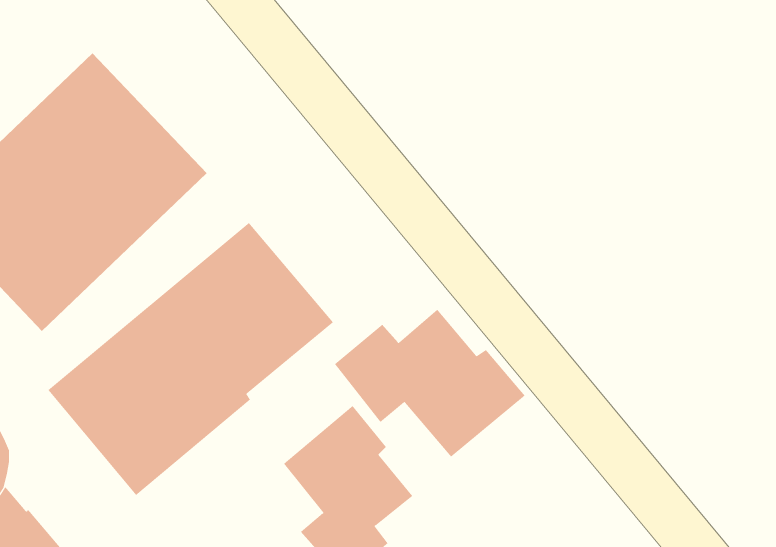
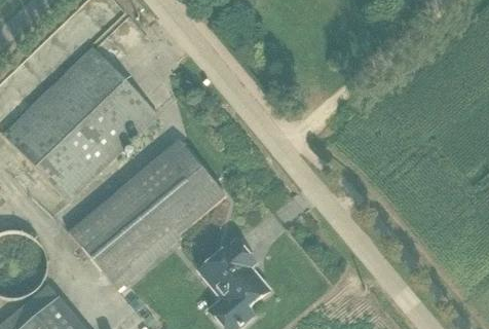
building: [334,309,526,457] -> none

